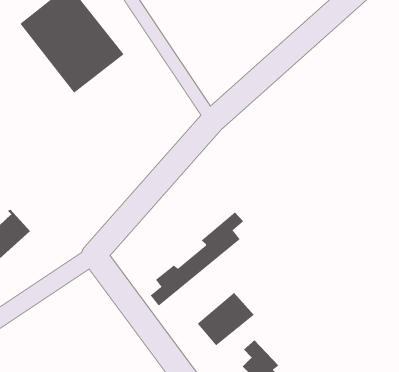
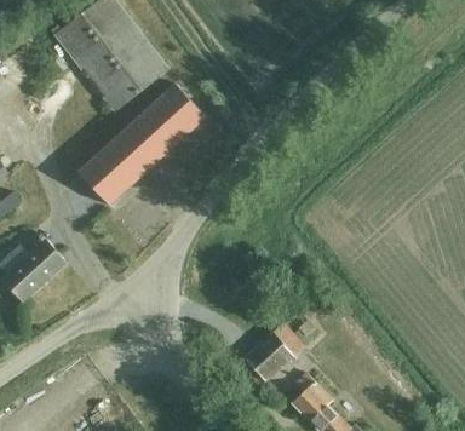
building: none -> [79,81,206,203]
building: [150,211,244,307] -> none

